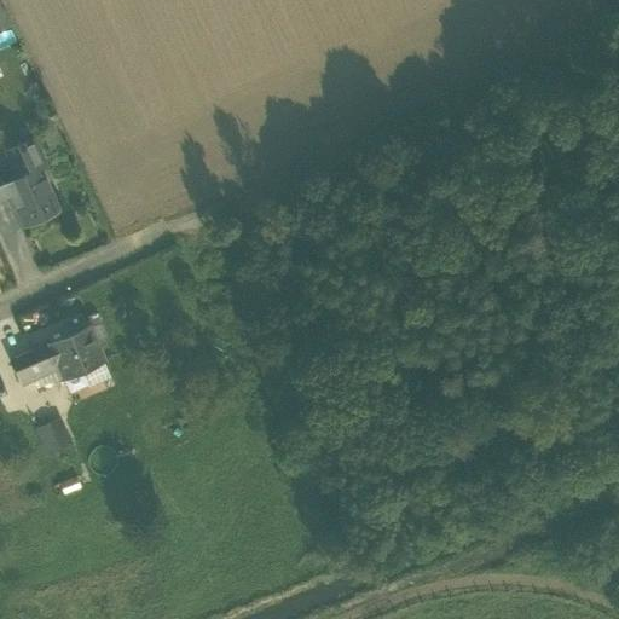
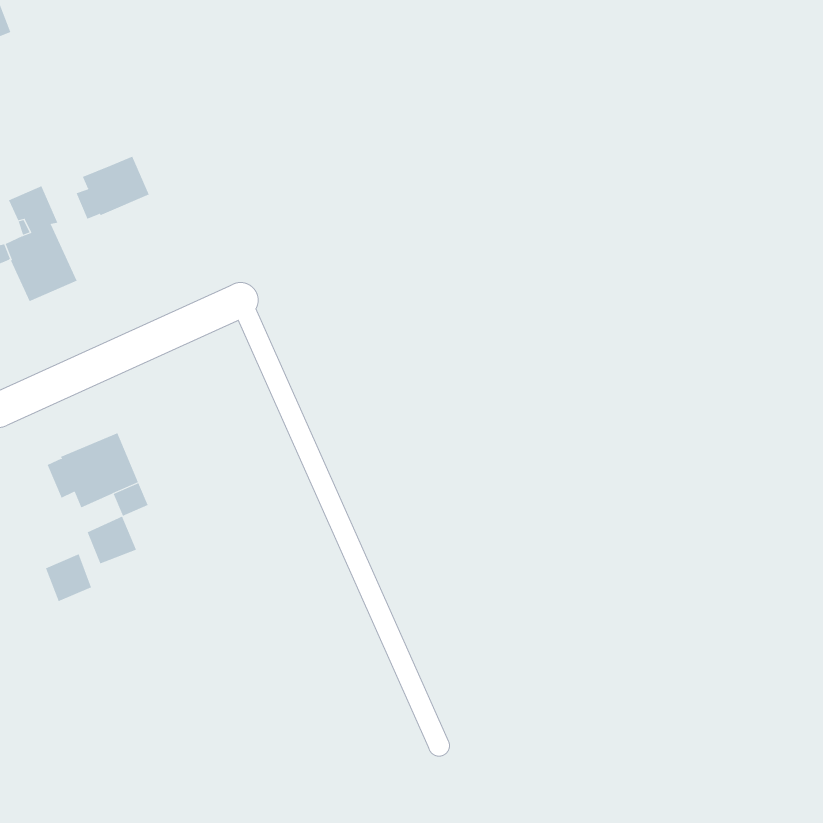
building: none -> [76,156,149,220]
building: [8,349,46,386] -> [87,516,137,564]

